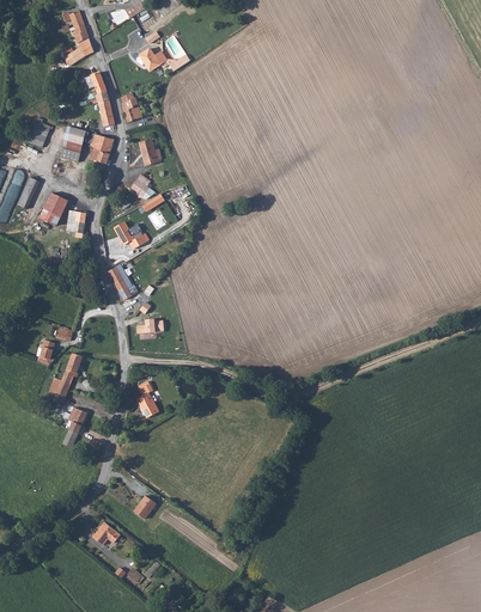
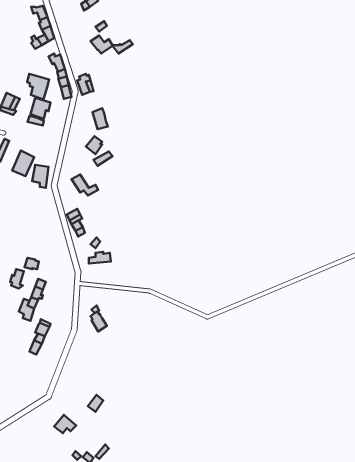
building: [85,131,112,164] -> [27,74,49,100]

